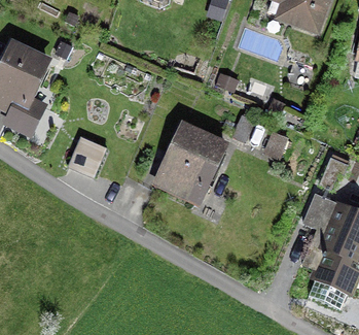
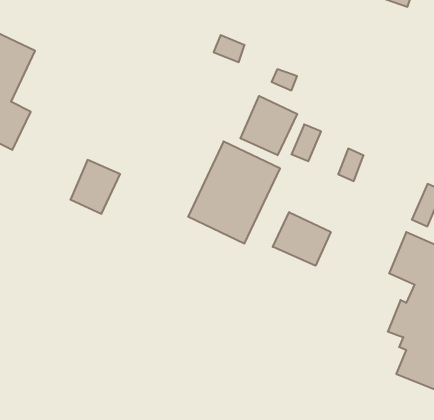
building: none -> [240,96,297,155]
building: none -> [273,212,331,266]

